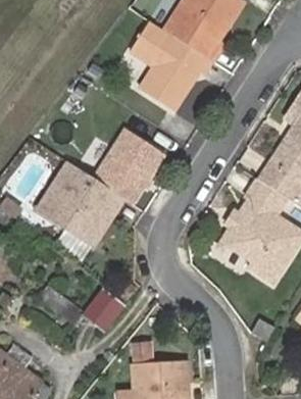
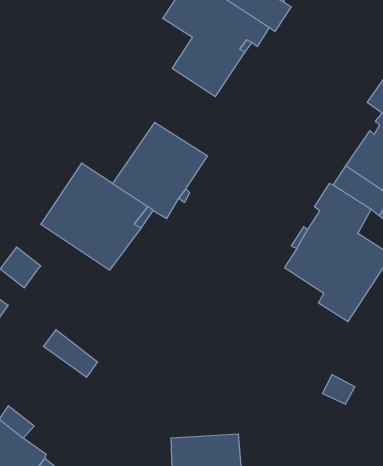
building: [83,291,124,332] -> none

